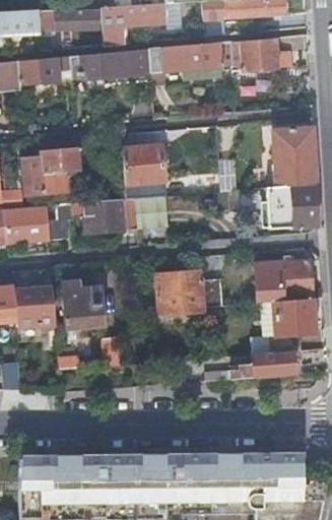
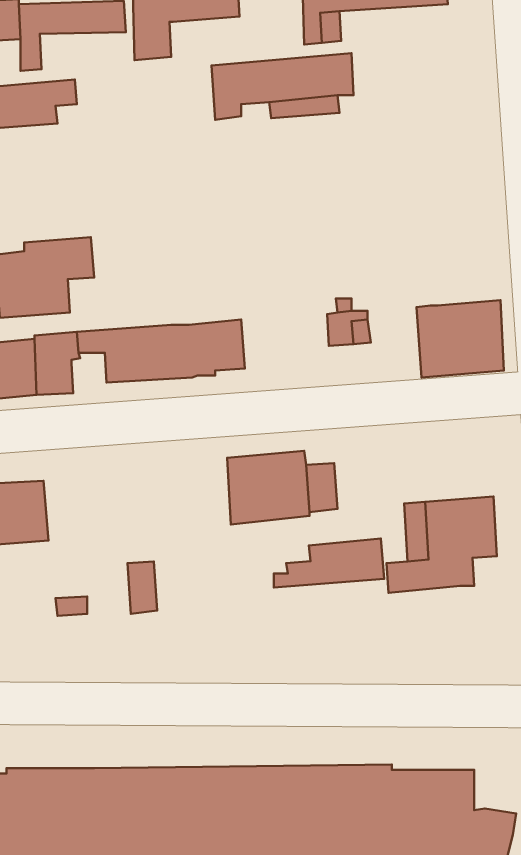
building: [228,35,289,71] -> none
building: [68,49,145,78] -> none
building: [271,127,315,187] -> none
building: [120,145,164,198] -> none
building: [267,260,311,298] -> none
building: [61,280,103,327] -> none
building: [229,349,293,378] -> [274,539,384,588]

